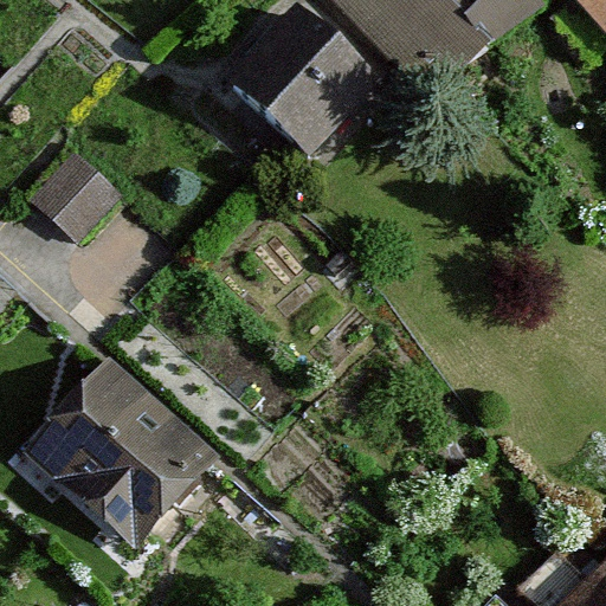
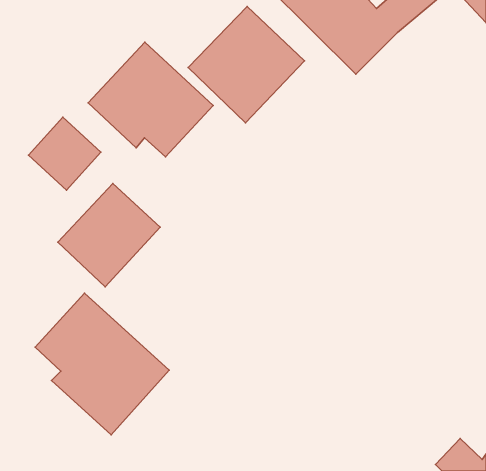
building: none -> [88,42,213,157]
building: none -> [58,183,160,287]

